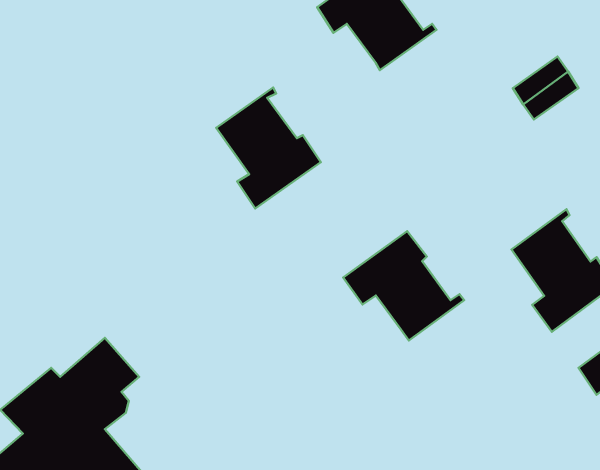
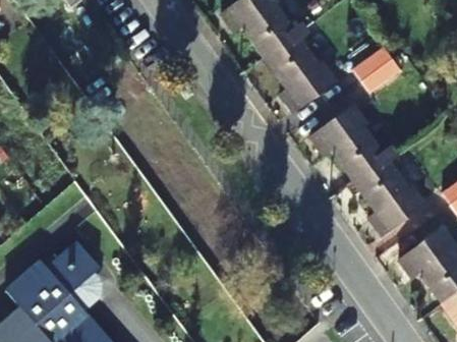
building: [216,87,321,209] -> [264,32,335,114]
building: [343,231,464,340] -> [308,107,391,181]

